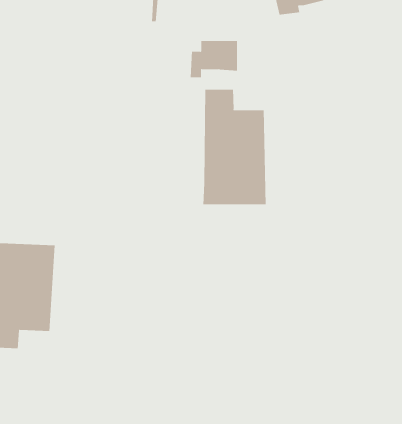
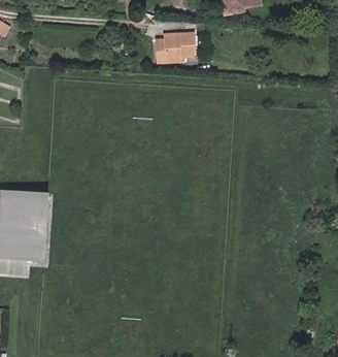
building: [203,89,266,205] -> none

